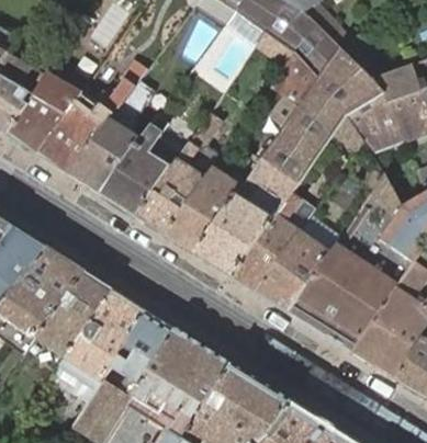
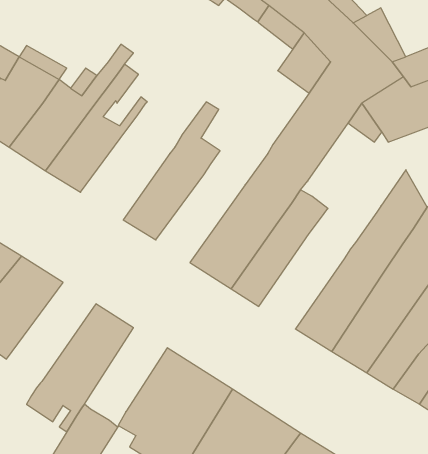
building: [101,116,183,218] -> none
building: [167,147,269,255] -> none
building: [257,217,341,314] -> none
building: [36,273,114,361] -> none
building: [104,313,177,399] -> none

